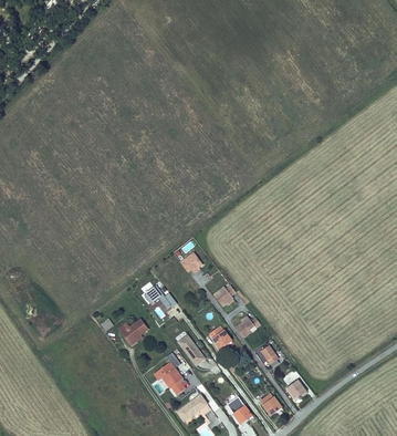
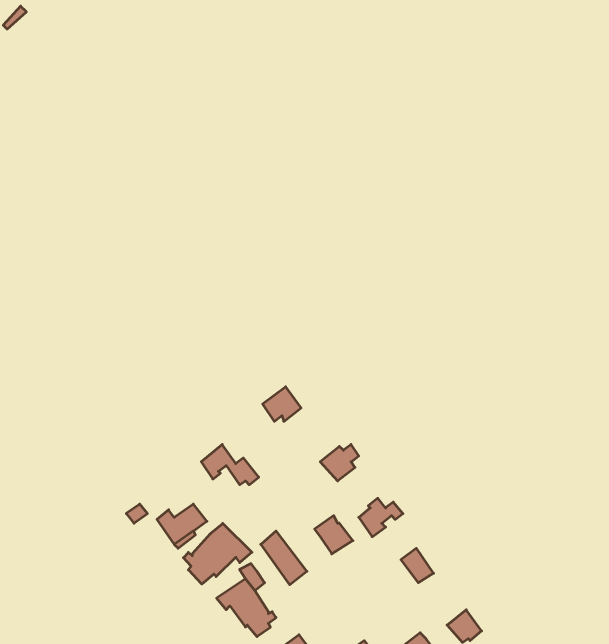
building: none -> [183,523,252,584]

